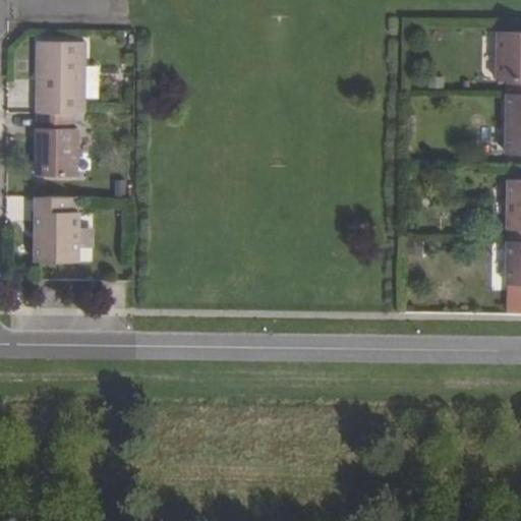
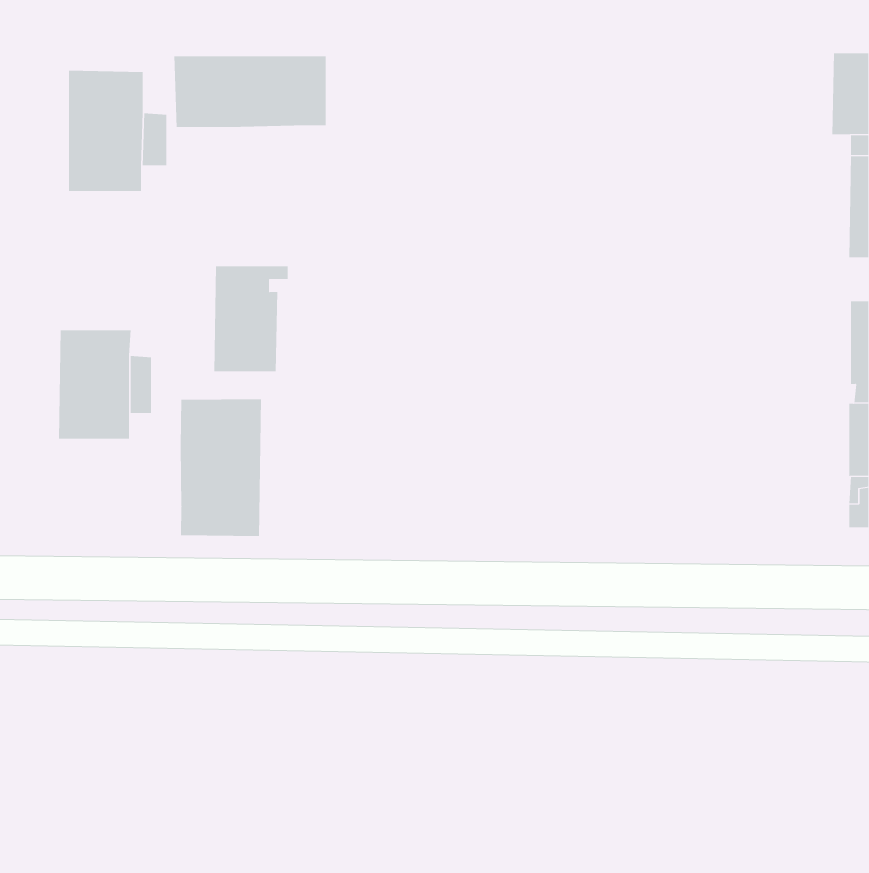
building: none -> [174,55,326,128]
building: [40,114,84,177] -> [213,266,288,372]
building: none -> [180,399,262,537]

